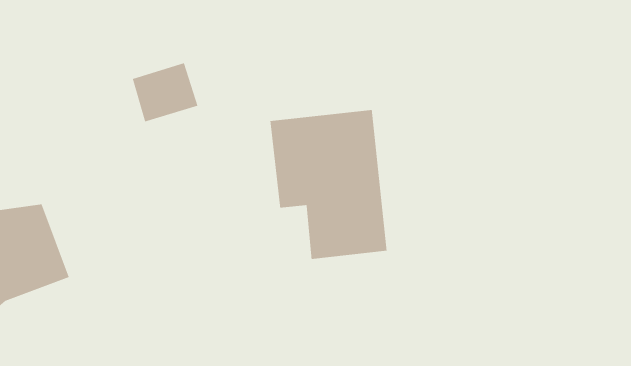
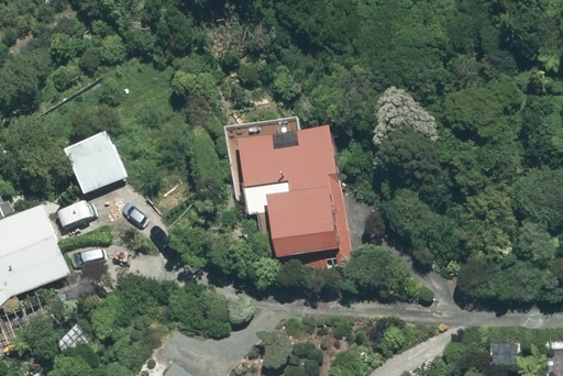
building: [132,62,198,123] -> [67,136,125,189]

